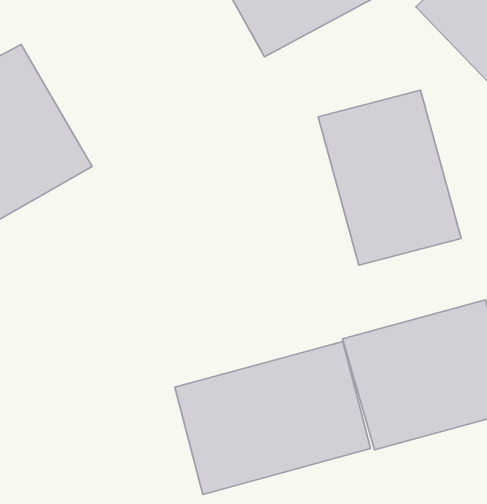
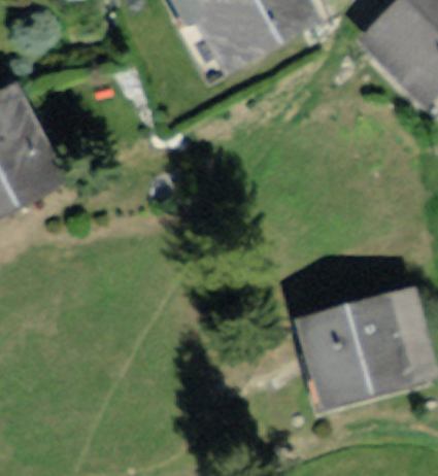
building: [318,90,461,265] -> none
building: [175,341,371,494] -> none

